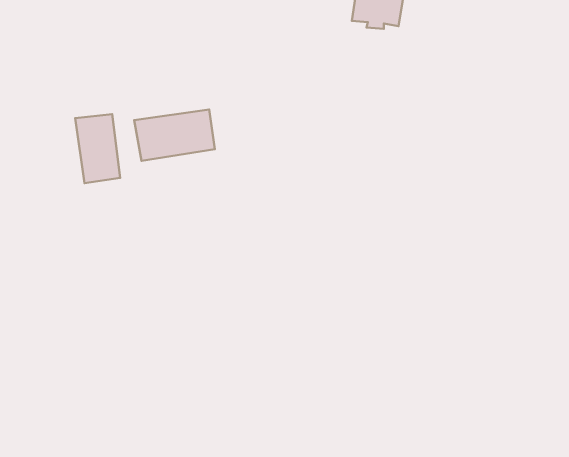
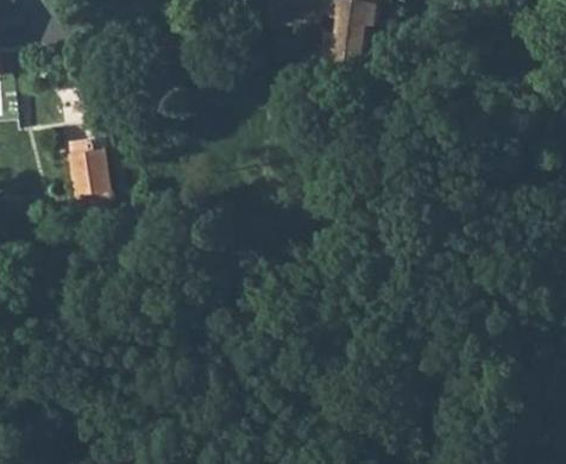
building: [134,110,215,161] -> none

